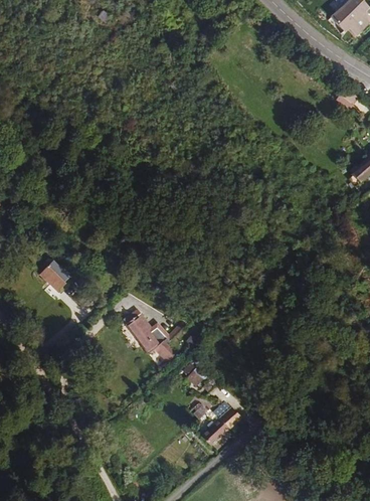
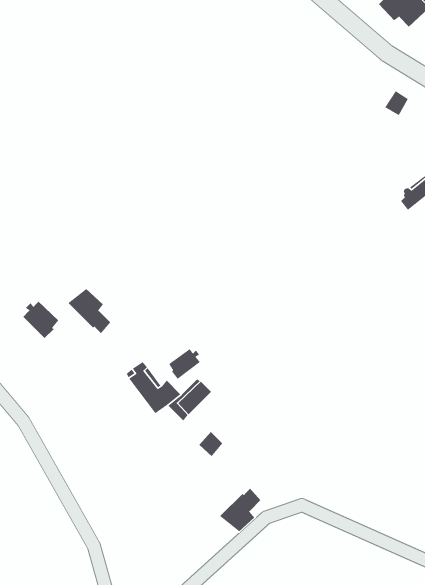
building: none -> [68,288,111,334]
building: none -> [168,348,201,380]

